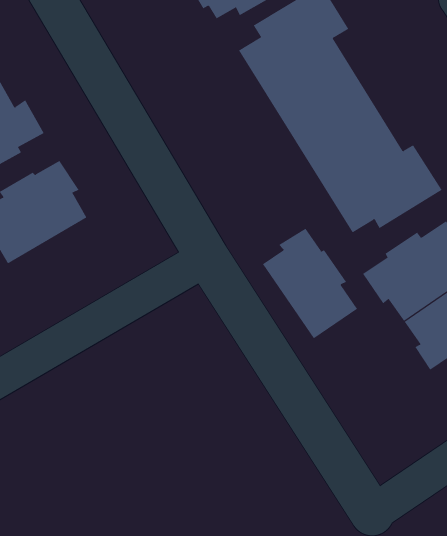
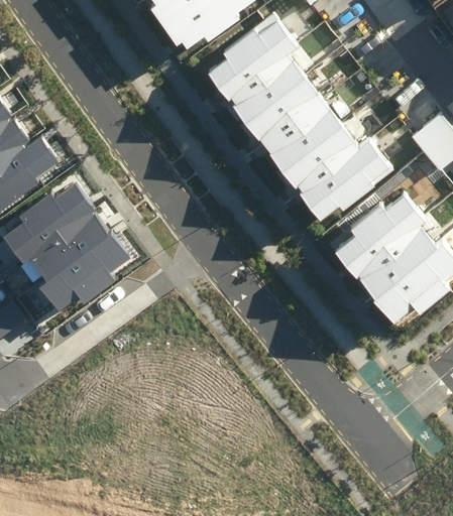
building: none -> [35,227,129,313]
building: [262,228,358,339] -> none

